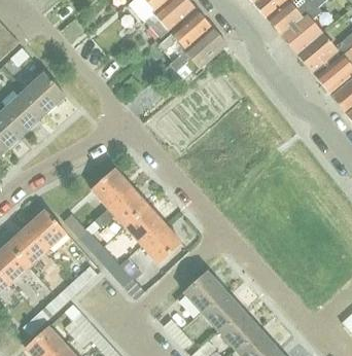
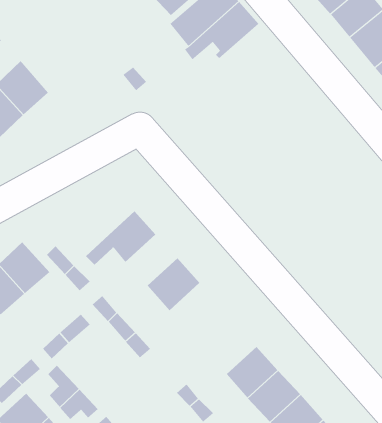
building: [92,168,132,208] -> none
building: [125,205,165,244] -> none
building: [183,270,225,312] -> none

